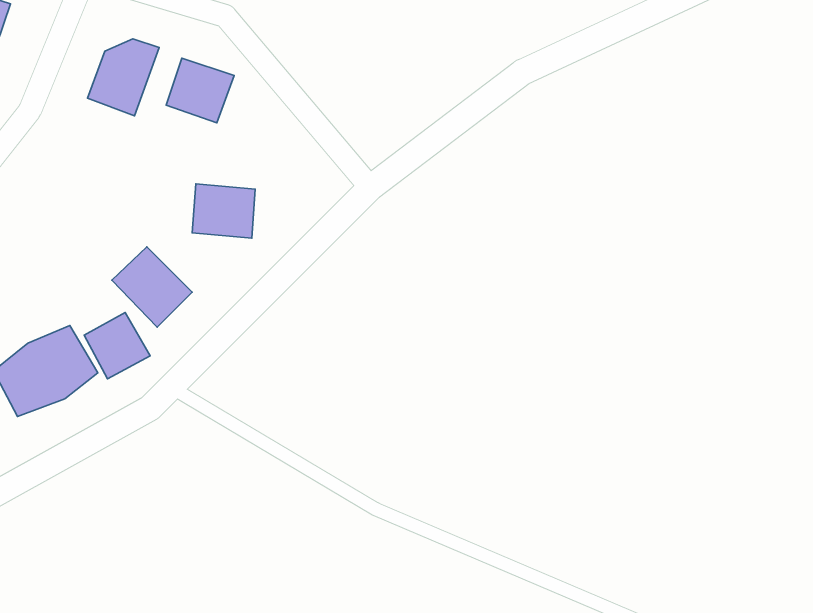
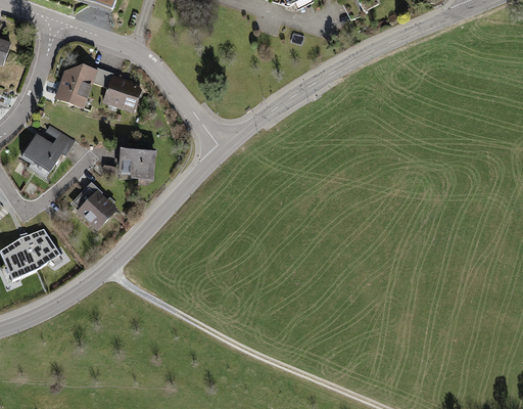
building: none -> [21,130,73,171]
building: [84,313,150,379] -> none

